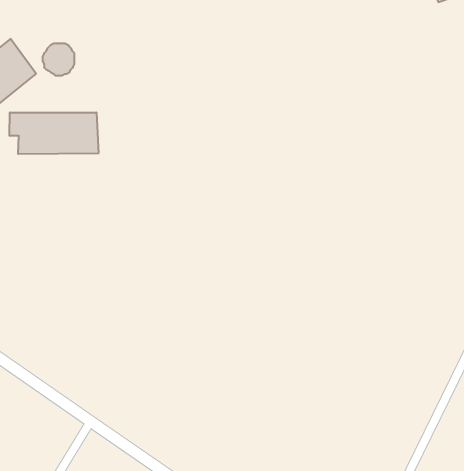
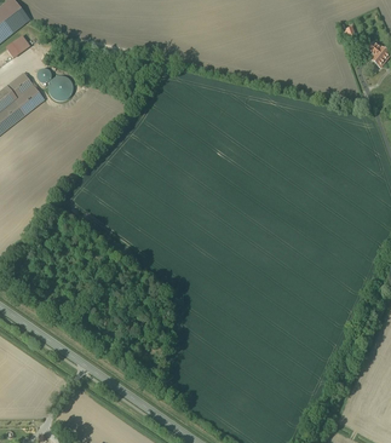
building: [10,112,98,154] -> none

